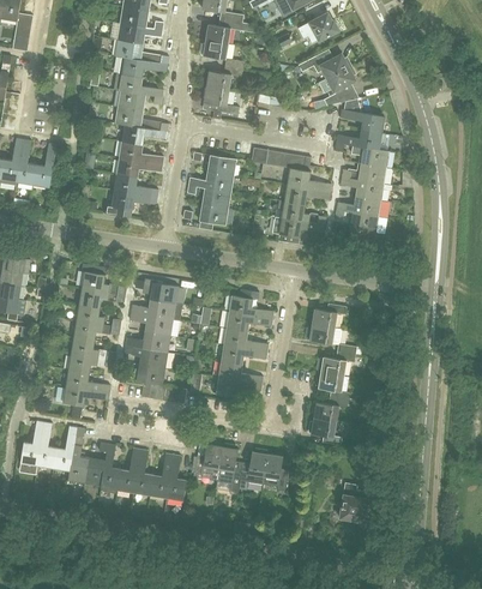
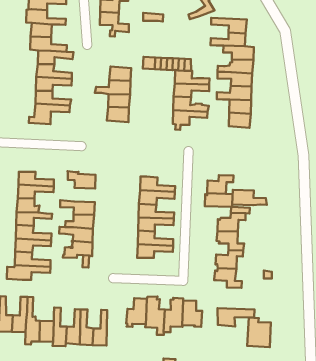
building: [131,299,182,320] -> none
building: none -> [232,190,267,205]
building: [167,453,187,499] -> none
building: none -> [218,308,255,327]

